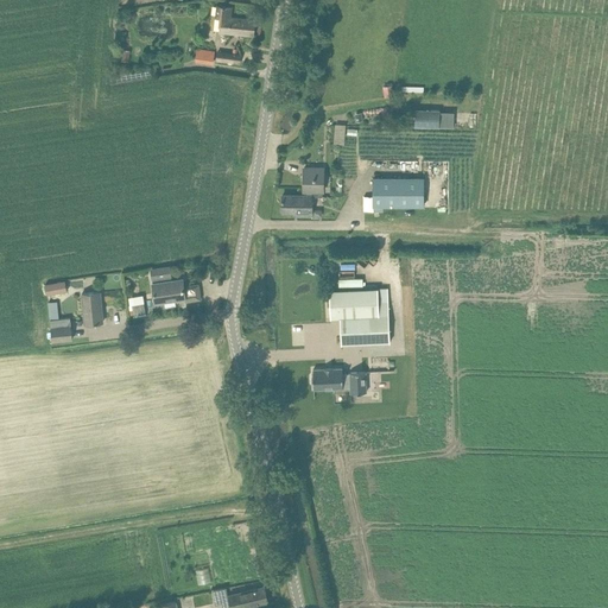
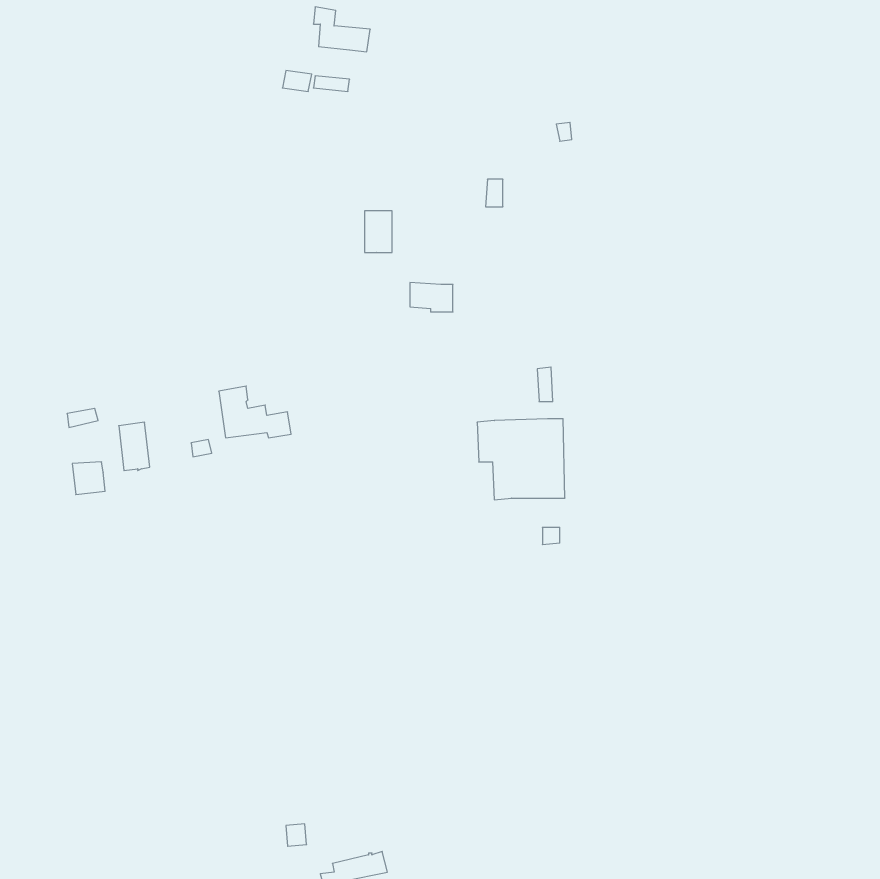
building: [417,109,456,128] -> none
building: [304,169,323,197] -> [365,211,392,252]
building: [363,179,424,211] -> none
building: [311,369,367,395] -> none

